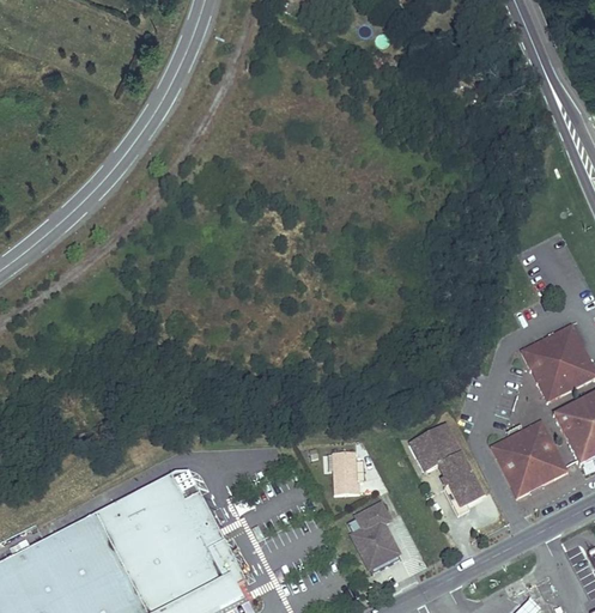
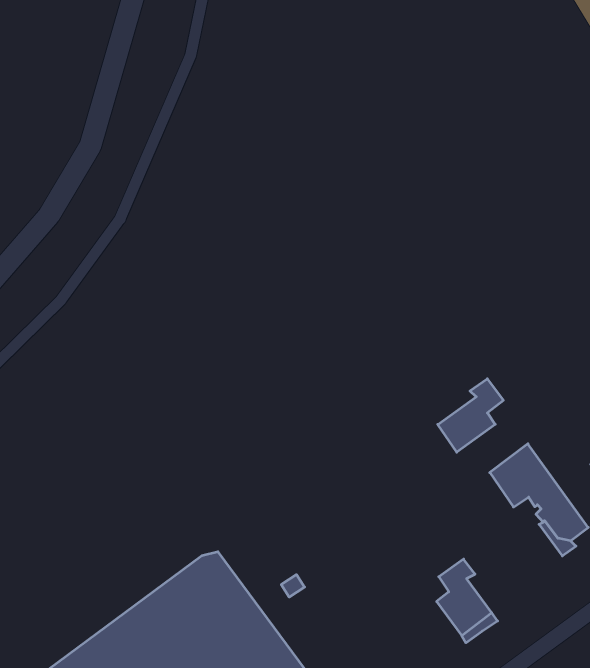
building: none -> [438,379,503,452]
building: [332,451,359,494] -> none

